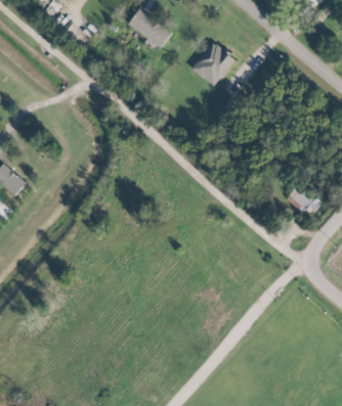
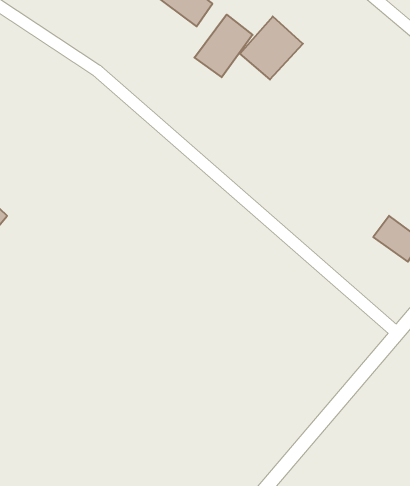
building: none -> [194,15,253,77]

